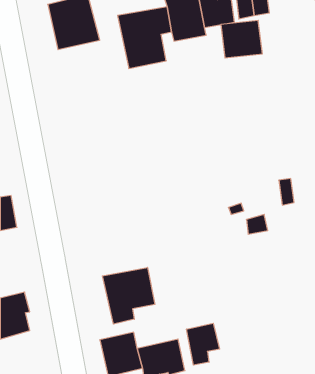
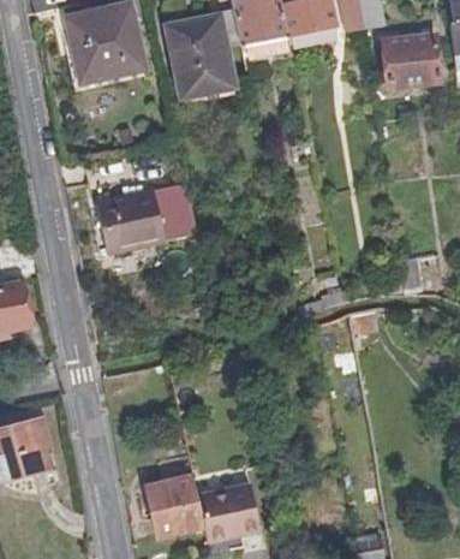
building: [221,20,262,58] -> [380,35,438,88]
building: none -> [94,184,198,249]
building: [102,267,155,324] -> none
building: [187,323,220,365] -> none

